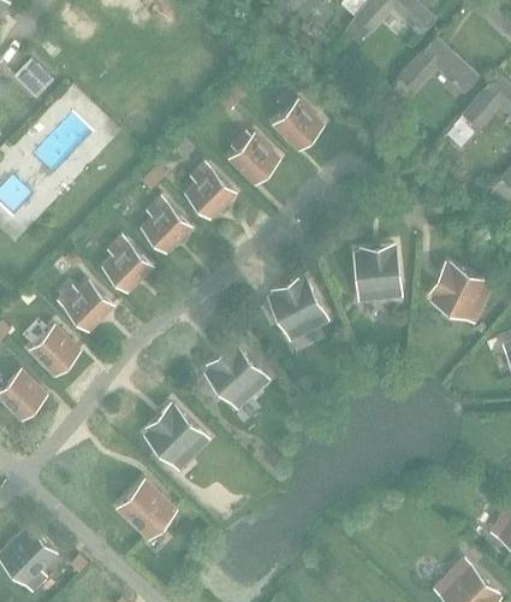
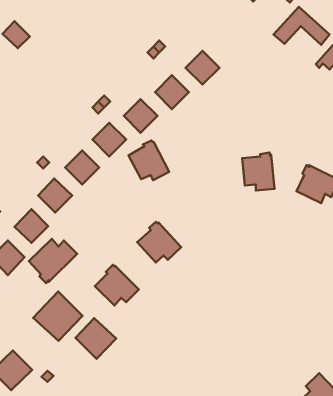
building: [268,278,326,335] -> [129,140,169,180]
building: none -> [29,239,77,283]
building: none -> [33,292,83,341]

